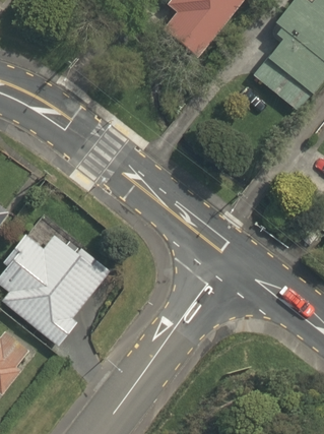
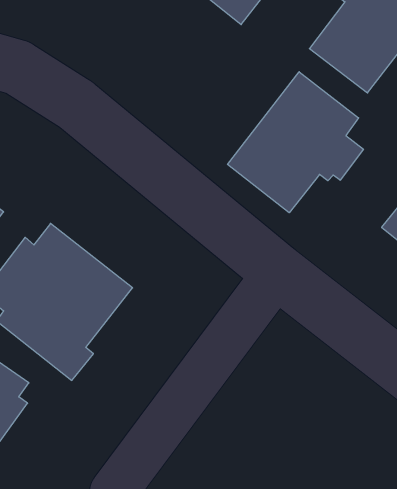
building: none -> [228,72,363,213]

